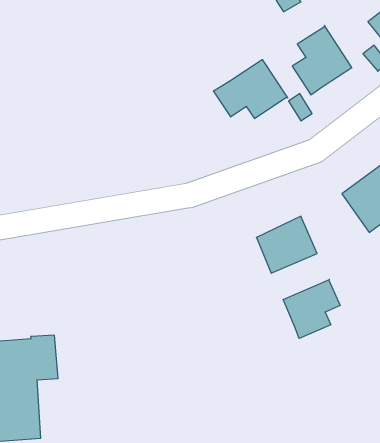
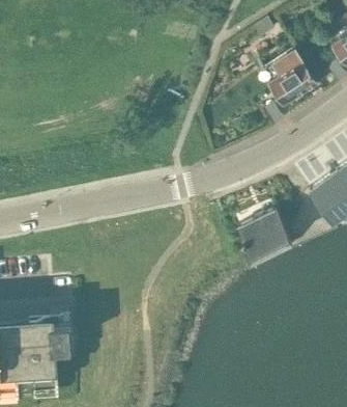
building: [214,60,288,119] -> none
building: [283,279,340,338] -> none

